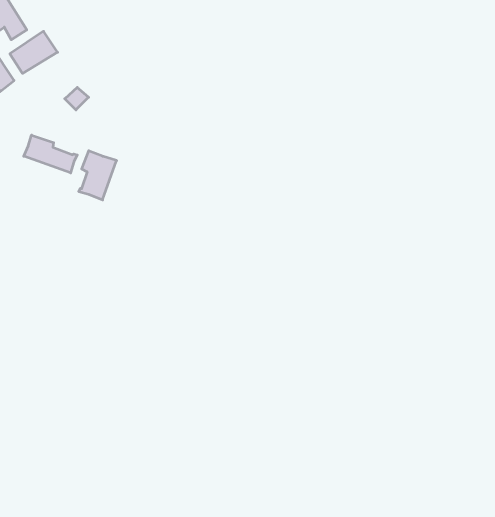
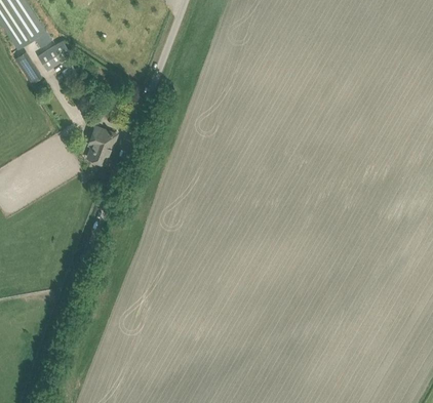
building: [24,135,77,173] -> none

